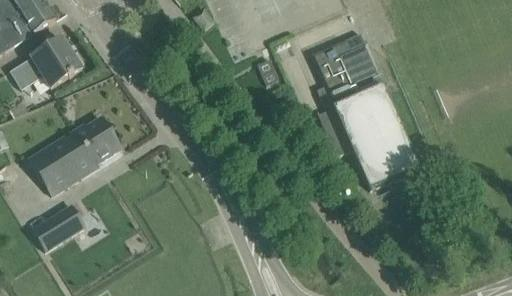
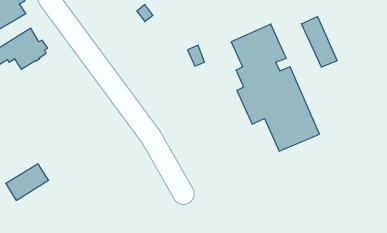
building: none -> [301,16,337,67]
building: [29,117,121,194] -> none

